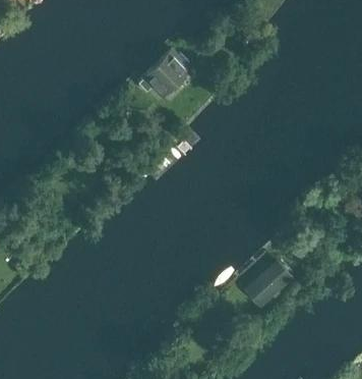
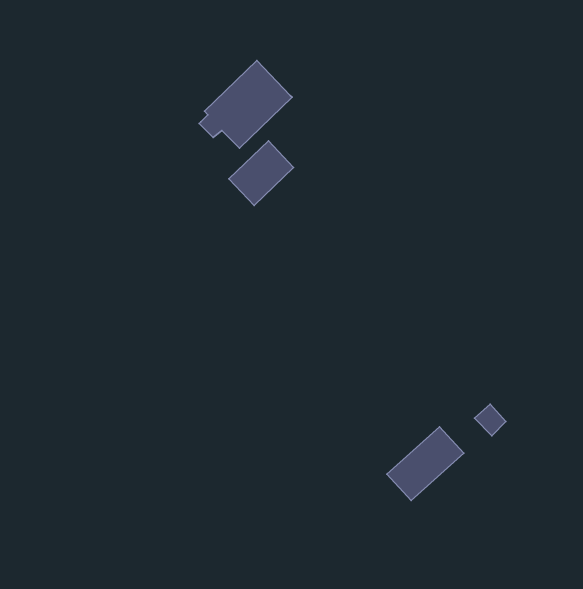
building: none -> [229,141,293,206]

